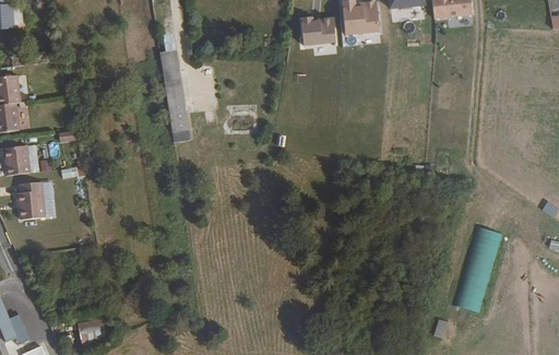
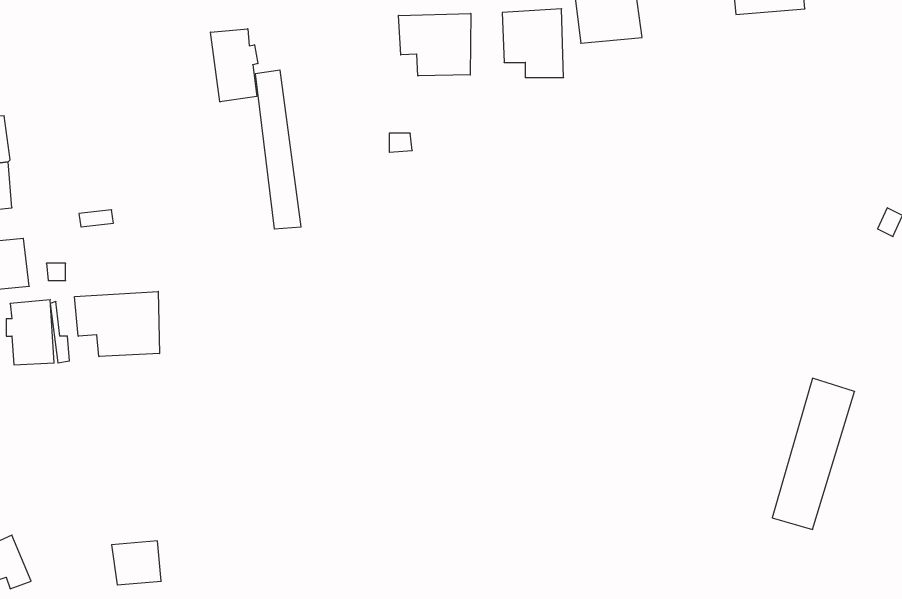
building: none -> [398,13,471,76]
building: none -> [211,29,258,102]
building: none -> [75,291,159,357]

